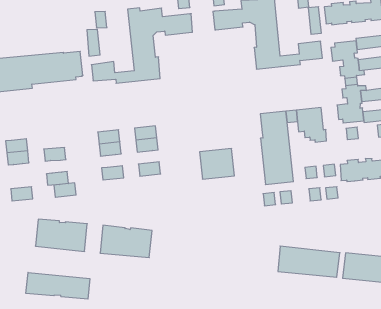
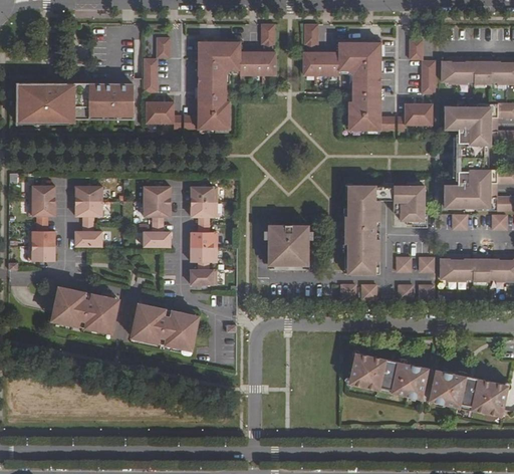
building: none -> [75,186,101,202]
building: none -> [191,247,217,262]
building: [54,183,76,197] -> [29,231,55,246]
building: none -> [191,270,217,285]
building: [26,272,90,299] -> none

